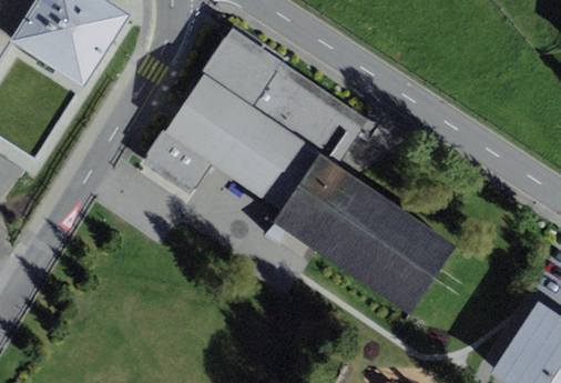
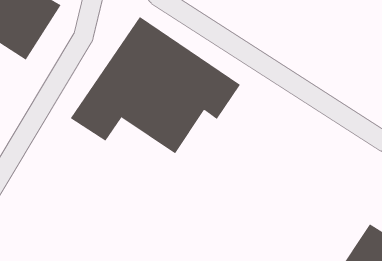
building: [273,153,456,314] -> none

